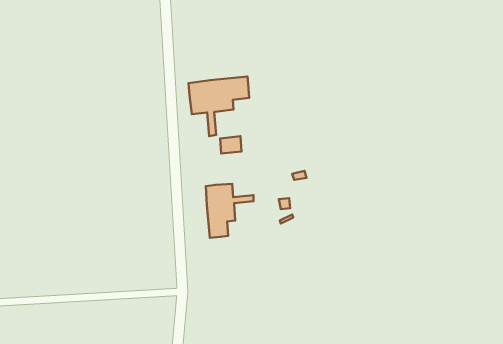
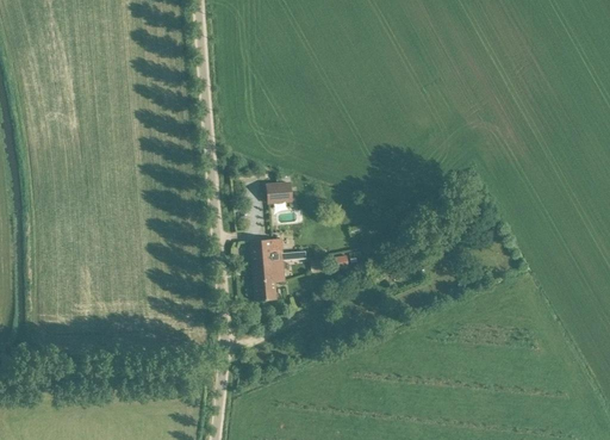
building: [188,76,249,136] -> none

